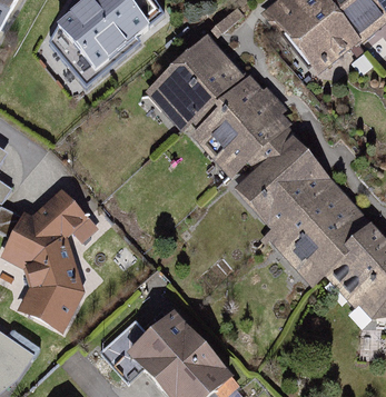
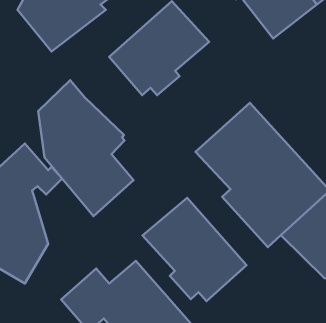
building: [192,77,294,191] -> none
building: none -> [38,80,133,216]
building: none -> [143,198,246,301]

